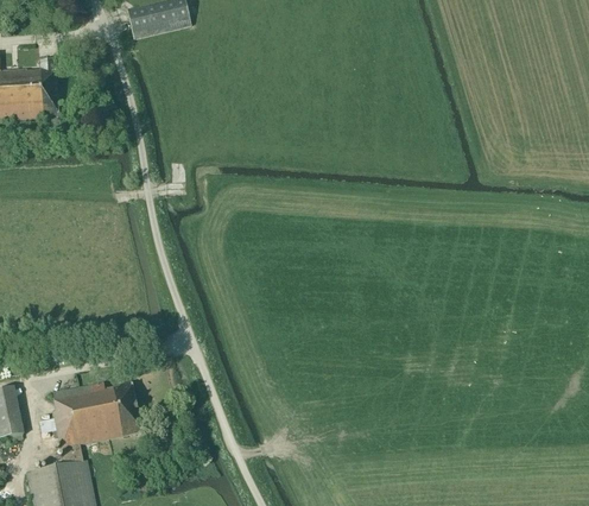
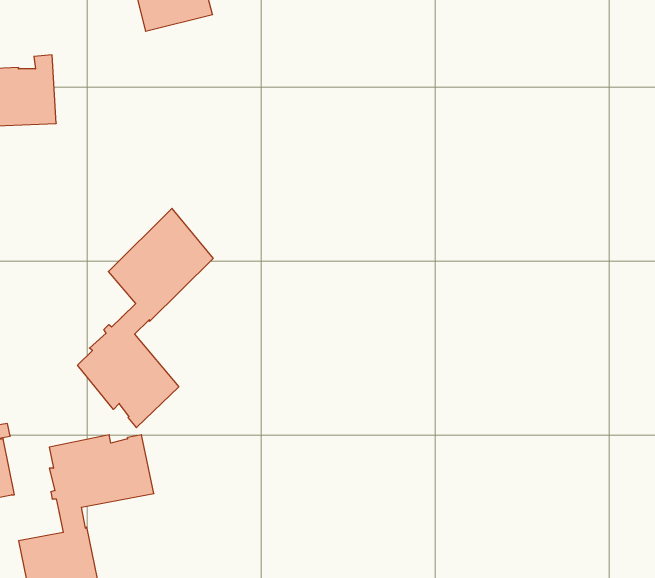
building: none -> [78,208,213,428]

